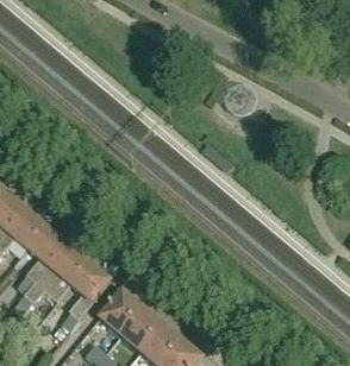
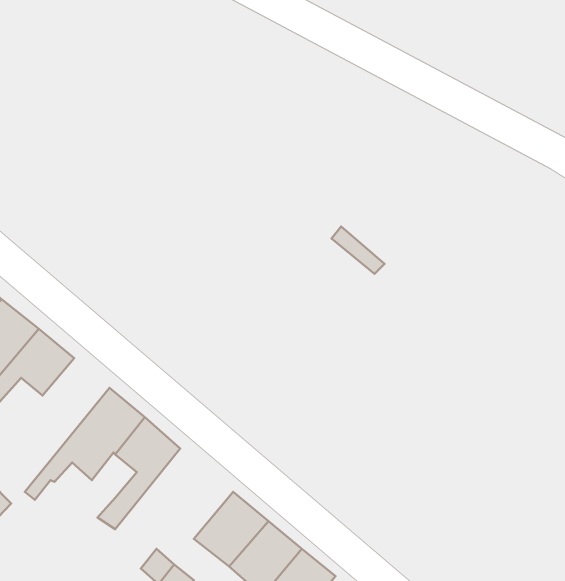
building: [15,226,69,307] -> none
building: [100,290,144,335] -> none

